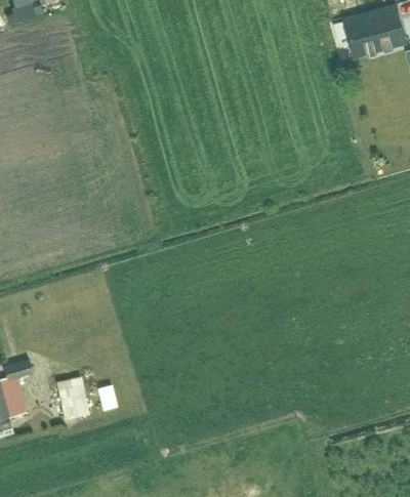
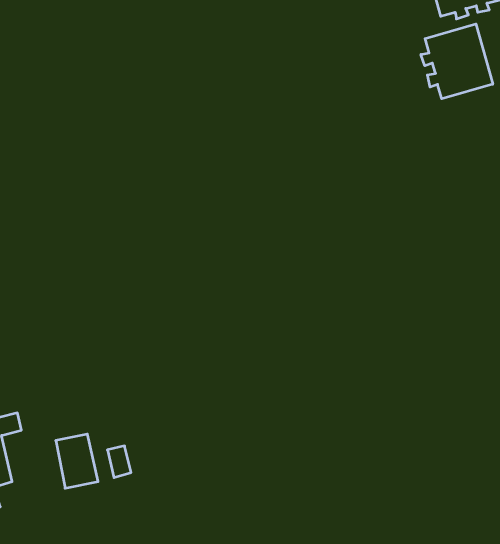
building: none -> [421,24,493,99]

